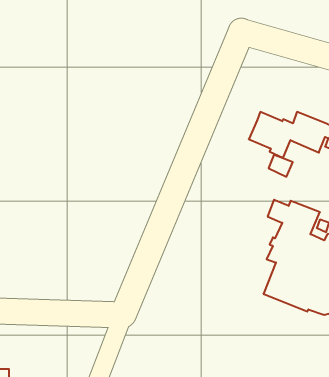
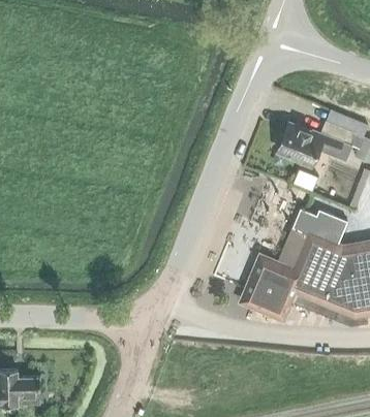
building: none -> [242,253,303,321]

